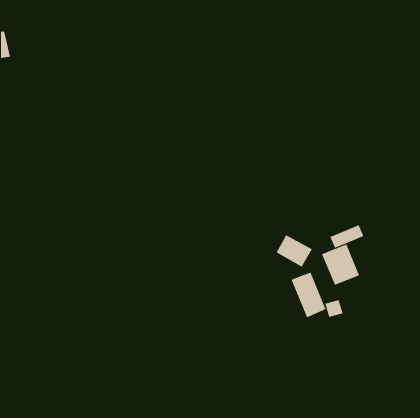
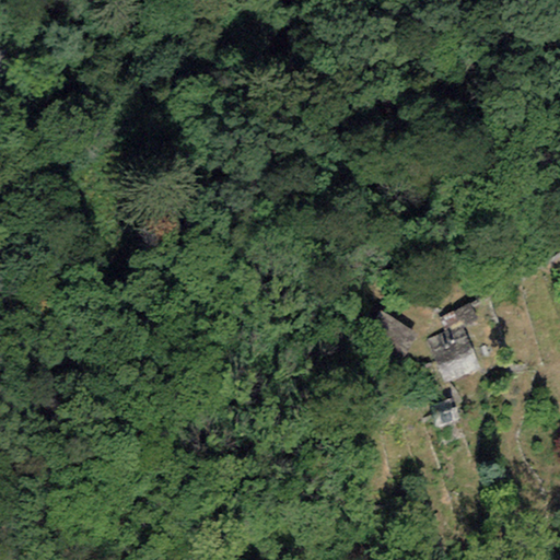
building: [291,272,326,318] -> none

